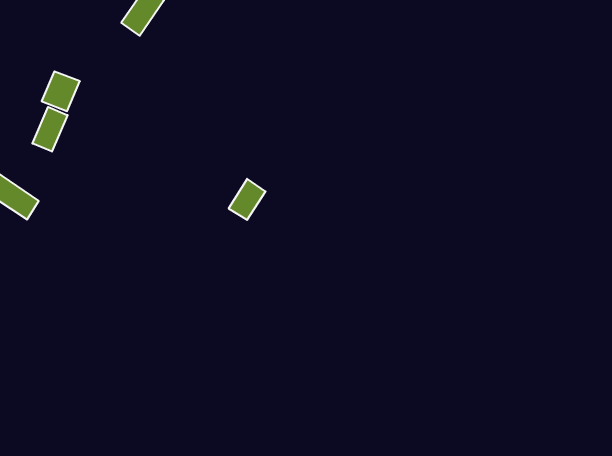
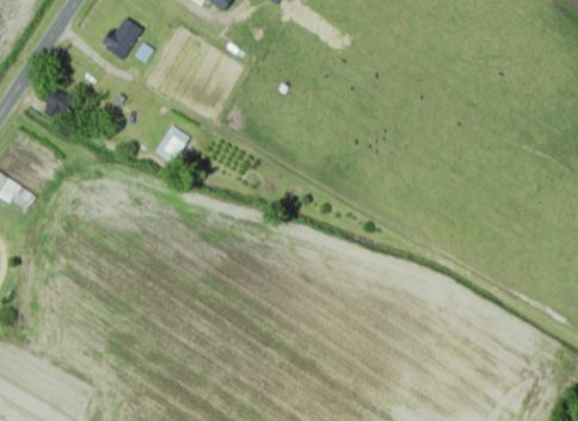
building: [32,107,68,152] -> none
building: [229,179,266,220] -> [156,126,187,161]

